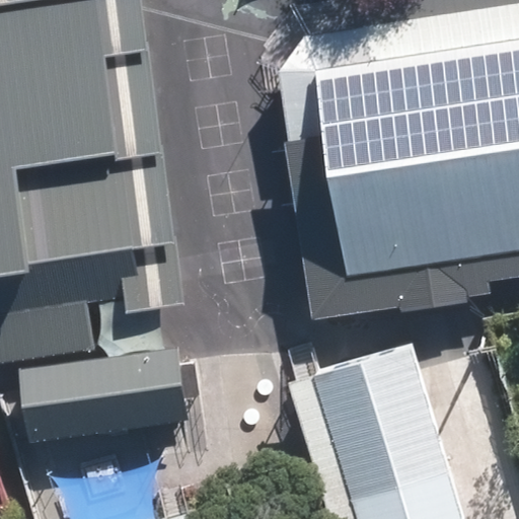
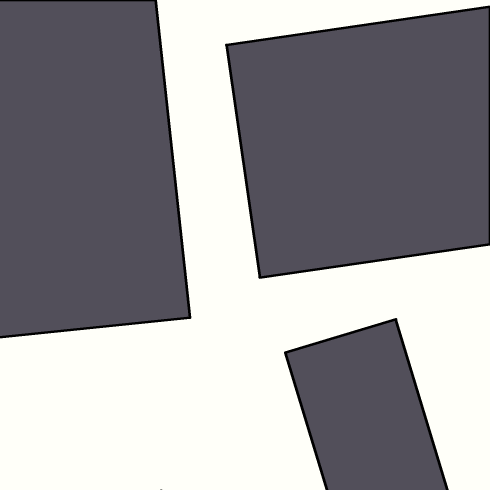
building: [9,350,202,449] -> none

